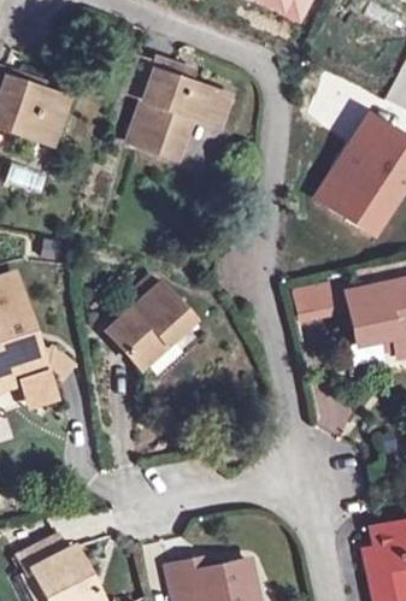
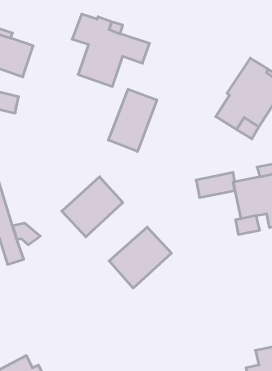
building: none -> [108,89,157,152]
building: none -> [109,227,171,288]

